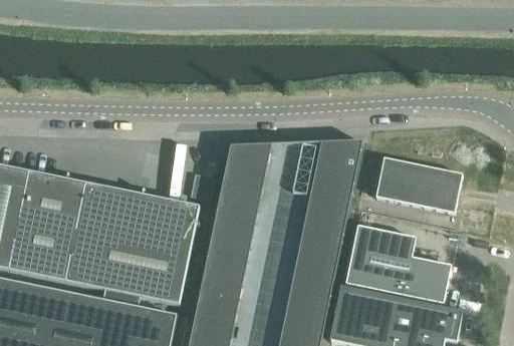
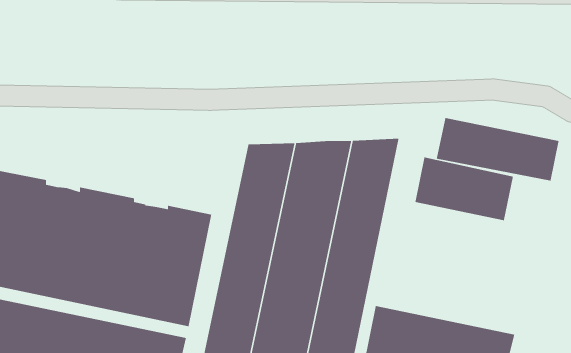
building: none -> [436,117,560,182]
building: [345,226,452,304] -> none

